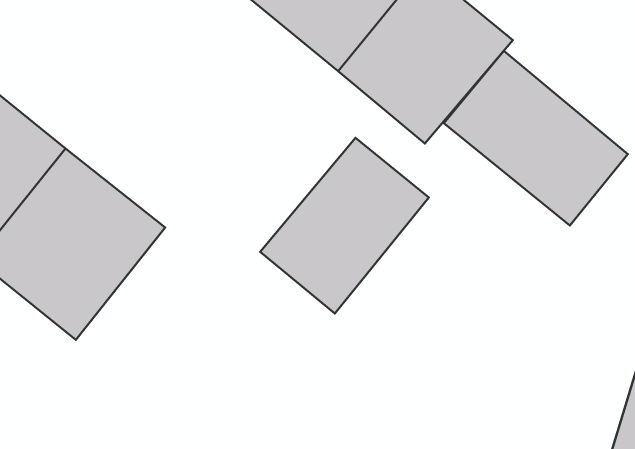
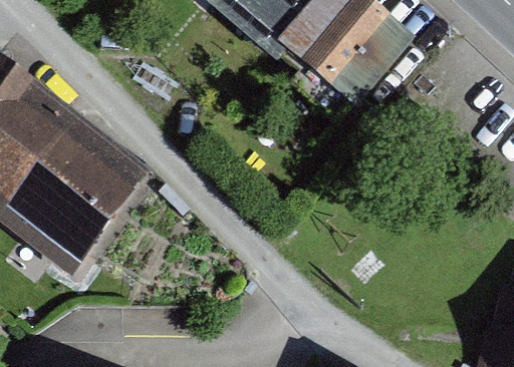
building: [444,51,628,226] -> none
building: [260,138,429,314] -> none

